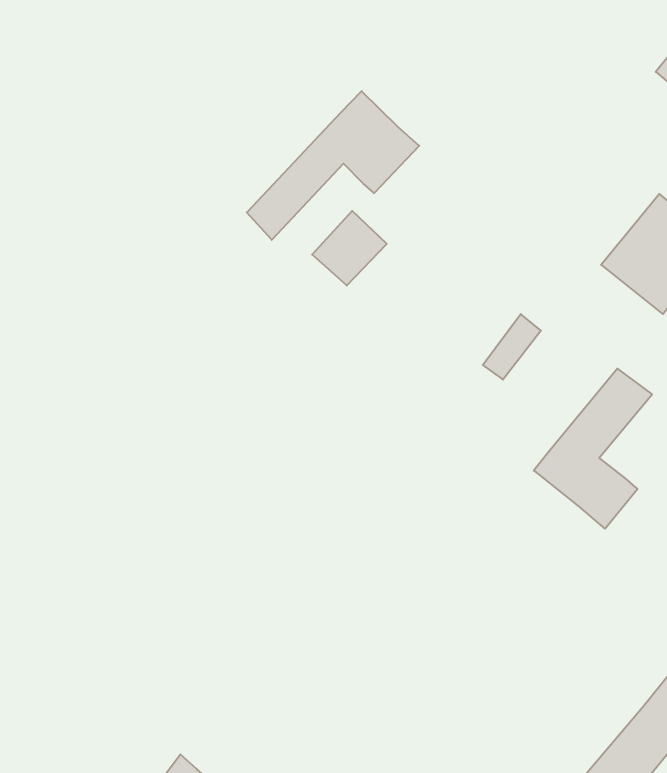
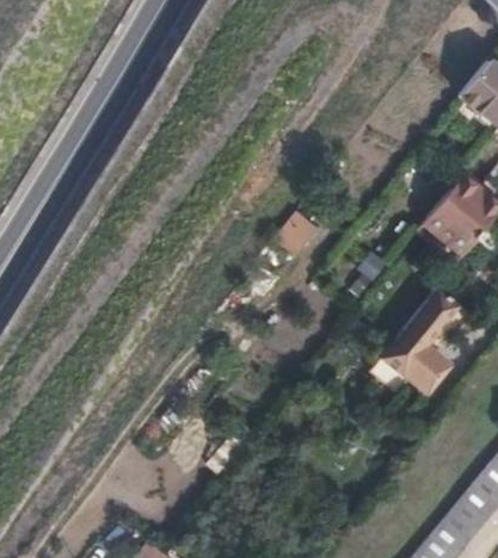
building: [247,91,419,240] -> none
building: [312,211,387,286] -> [271,209,320,258]

